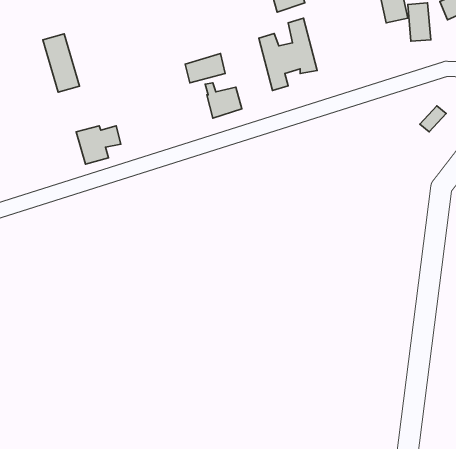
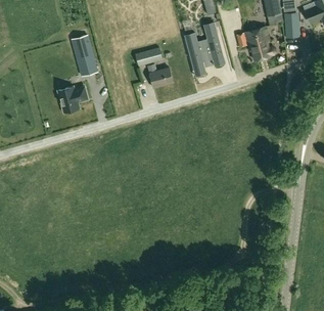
building: none -> [244,27,276,60]
building: [43,34,80,92] -> [73,36,97,75]

